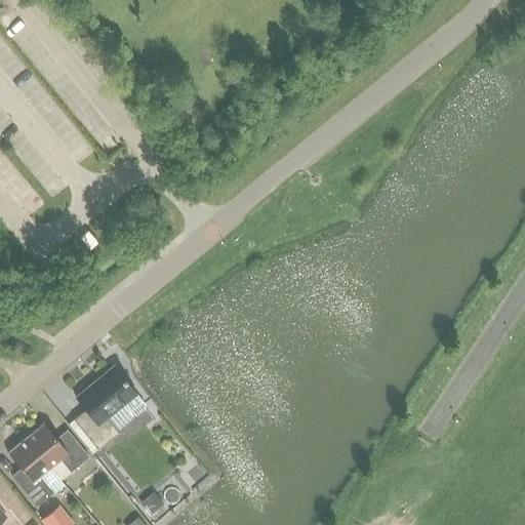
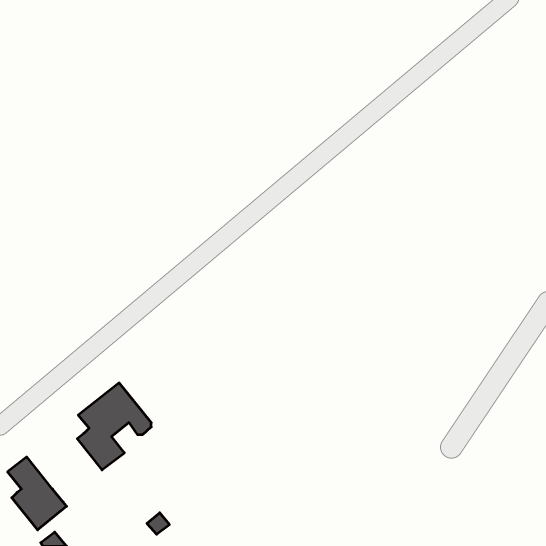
building: [28,422,91,480] -> none

